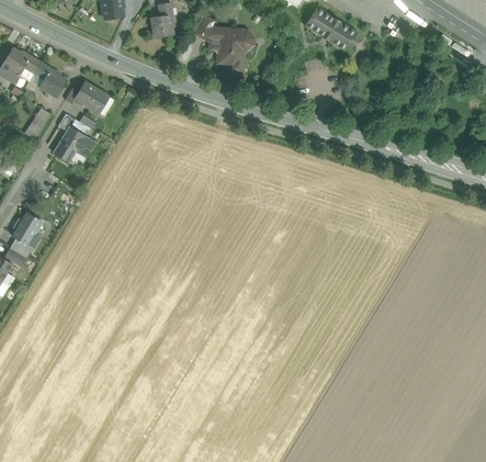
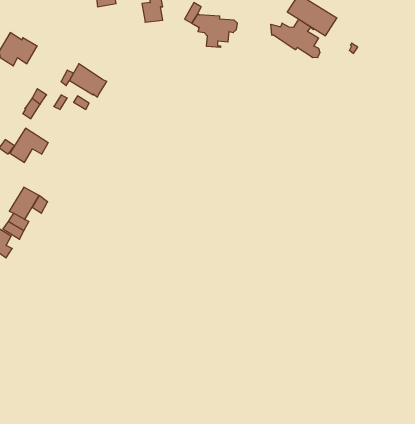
building: none -> [271,19,320,58]
building: [30,61,67,97] -> none
building: [54,125,94,161] -> [10,128,48,162]

